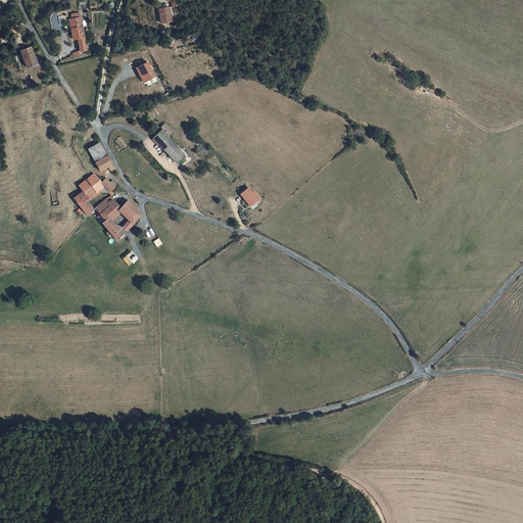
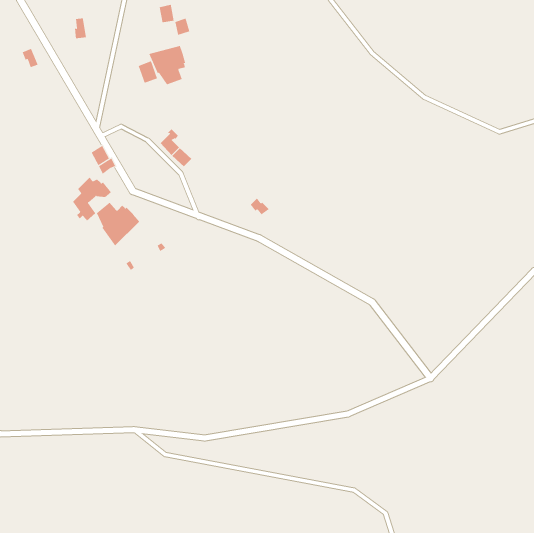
building: none -> [148,45,186,85]

